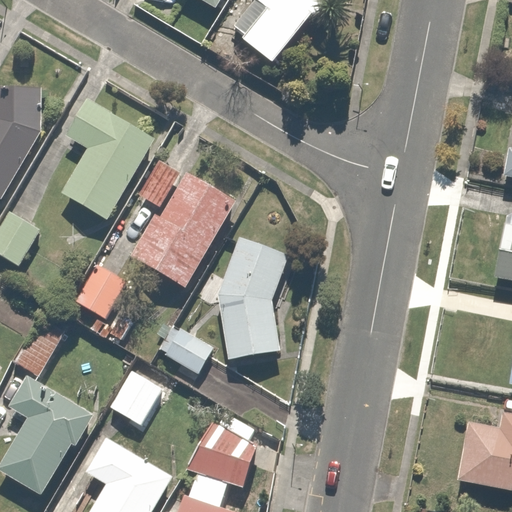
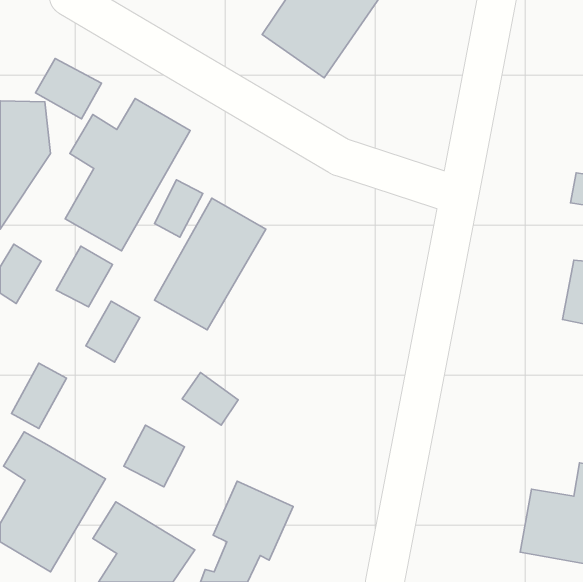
building: none -> [36,58,101,119]
building: none -> [56,246,113,307]
building: [217,237,288,360] -> none

